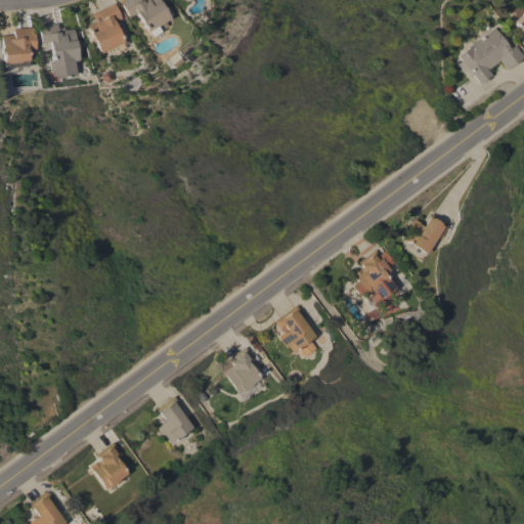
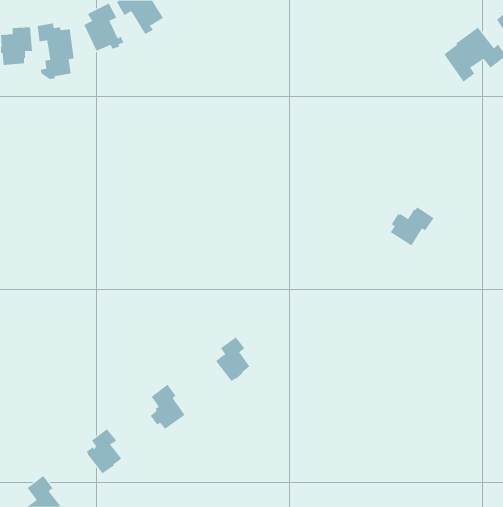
building: [354,250,400,310] -> none
building: [276,305,317,355] -> none

